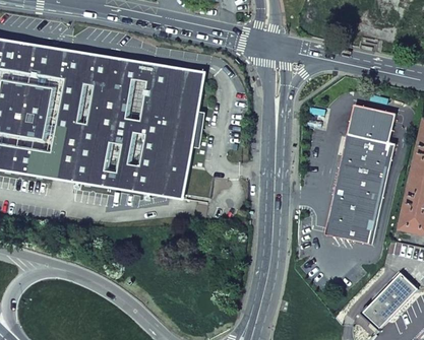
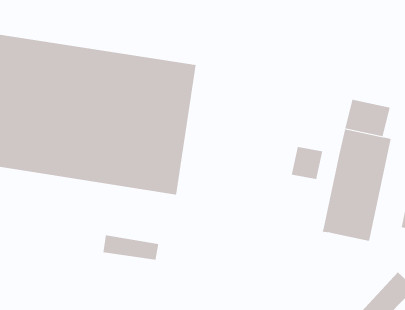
building: none -> [291,146,323,180]
building: none -> [103,235,159,260]

